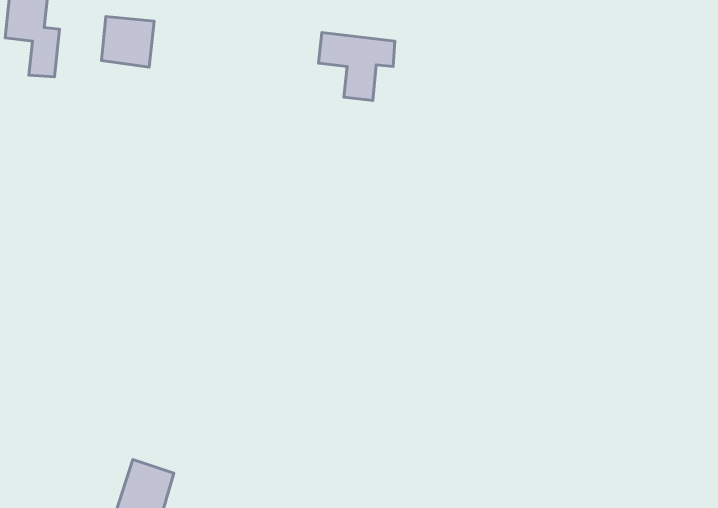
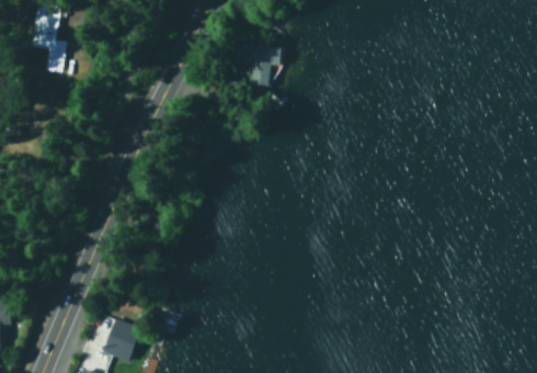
building: [102,16,154,67] -> none

